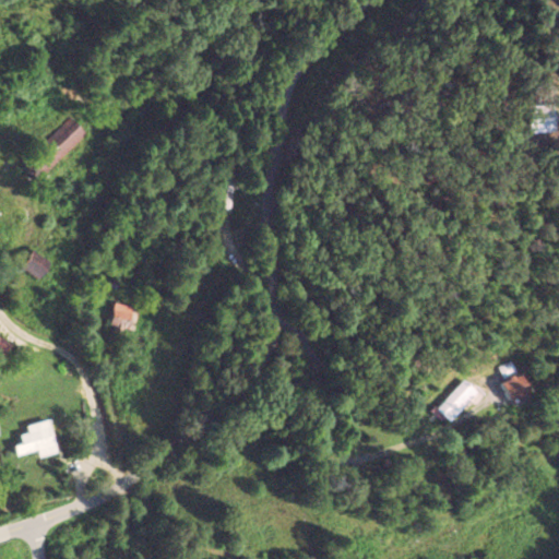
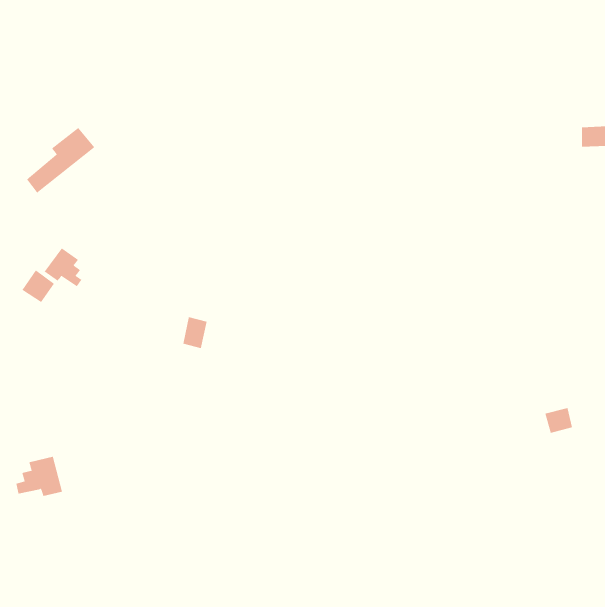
building: none -> [44,248,82,287]
building: [110,301,133,331] -> [182,317,207,349]
building: [436,377,480,423] -> none

